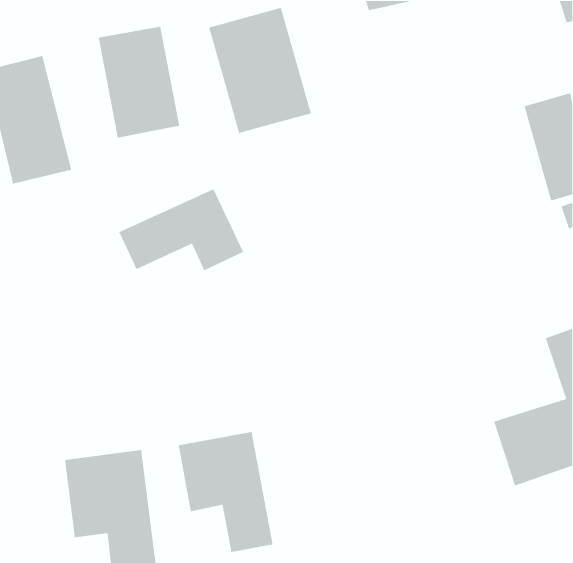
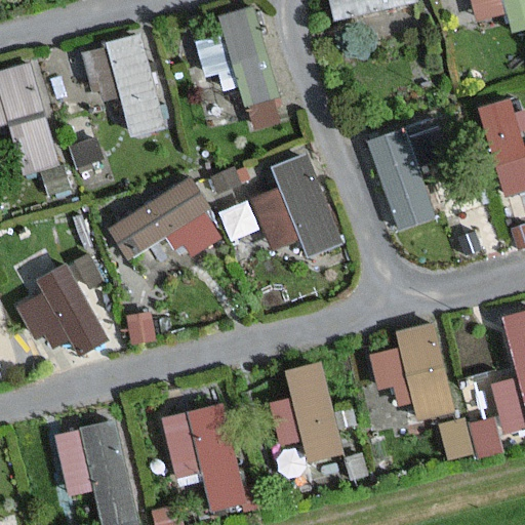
building: none -> [366,127,438,232]
building: none -> [249,165,339,260]
building: none -> [13,270,111,360]
building: none -> [368,332,455,423]
building: none -> [276,364,339,457]

